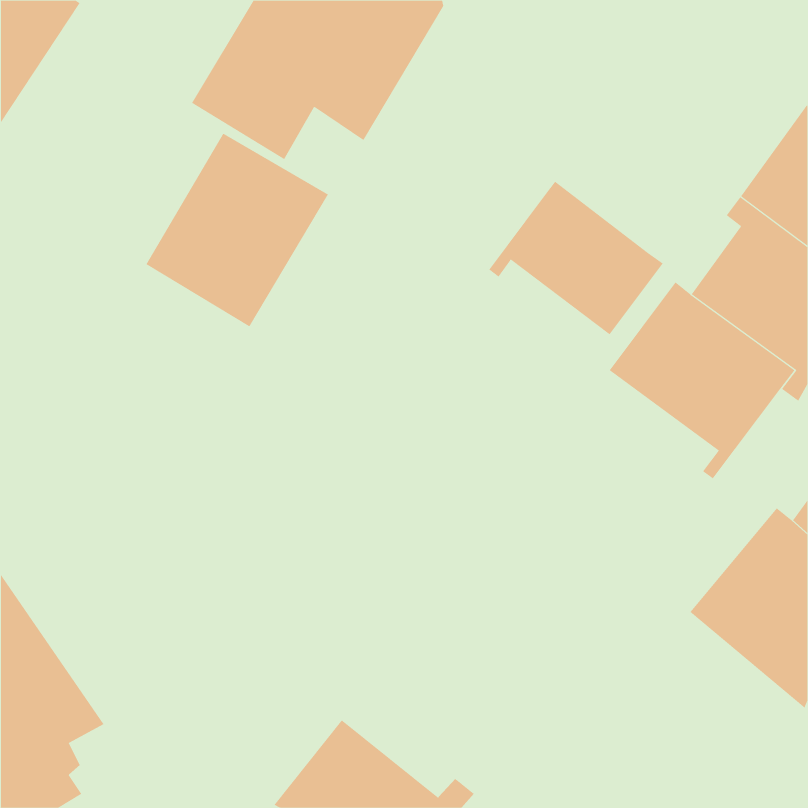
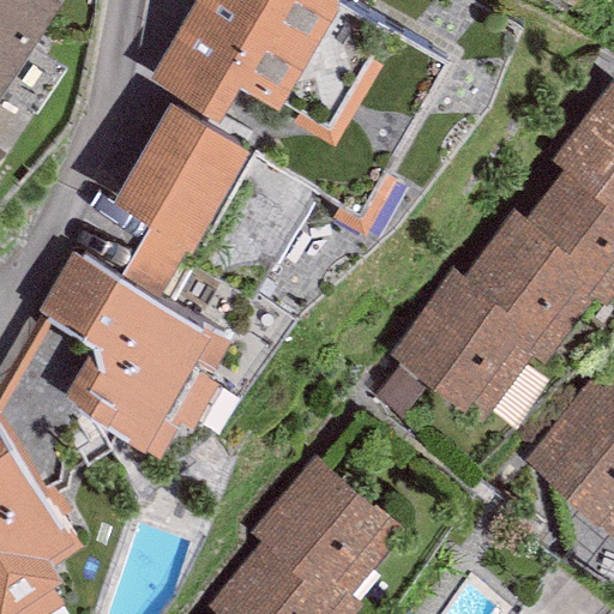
building: [489,181,663,335] -> none
building: none -> [35,252,211,447]
building: none -> [386,271,544,414]
building: none -> [248,455,401,604]

